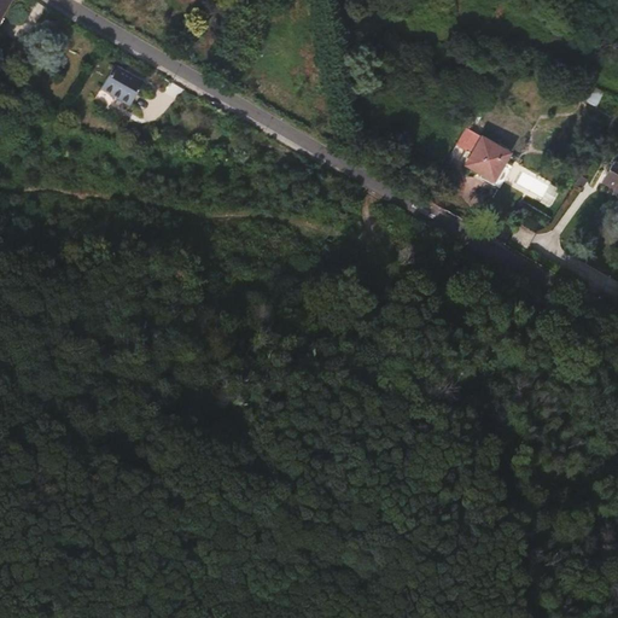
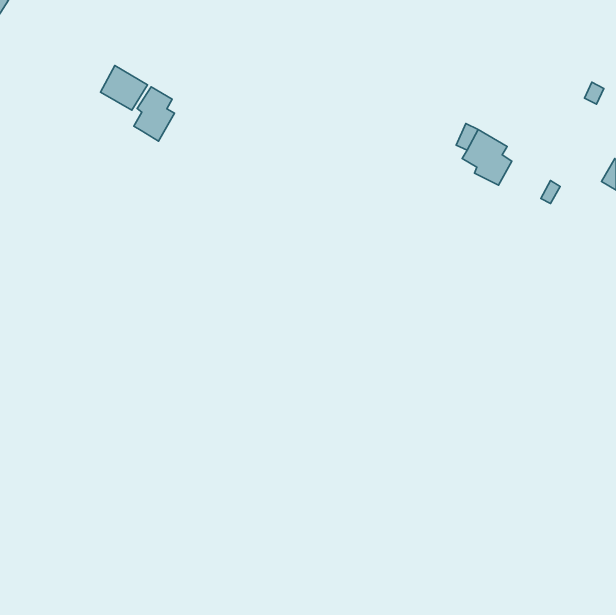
building: none -> [134,87,174,141]

